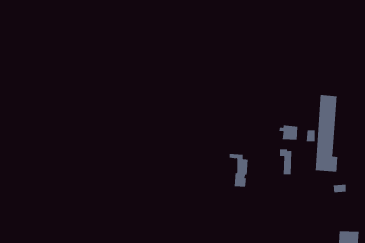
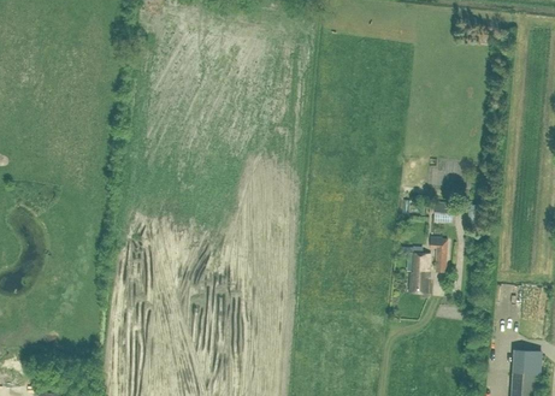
building: [315,94,338,172] -> none
building: [229,154,249,187] -> [401,247,429,294]

